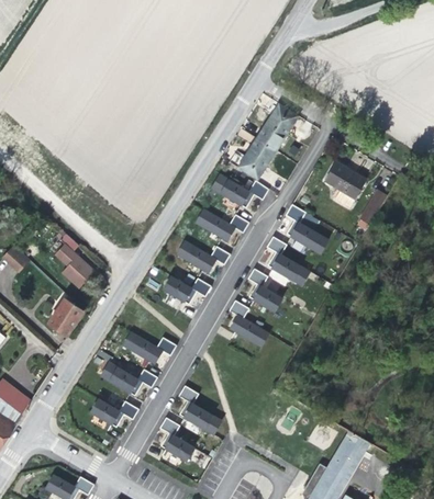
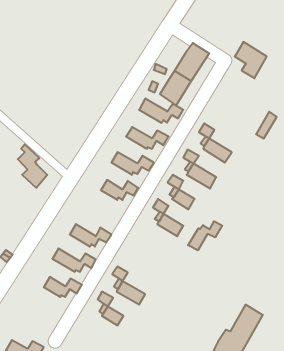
building: [325,162,366,208] -> [235,42,267,78]
building: [49,287,82,334] -> none
building: none -> [188,221,222,250]

